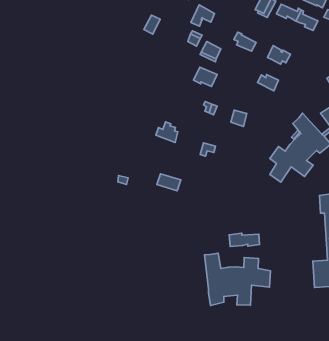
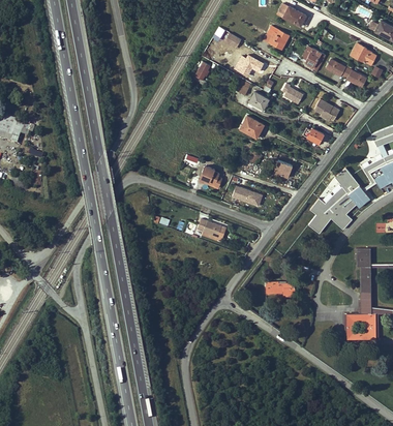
building: [204,253,270,305] -> none

